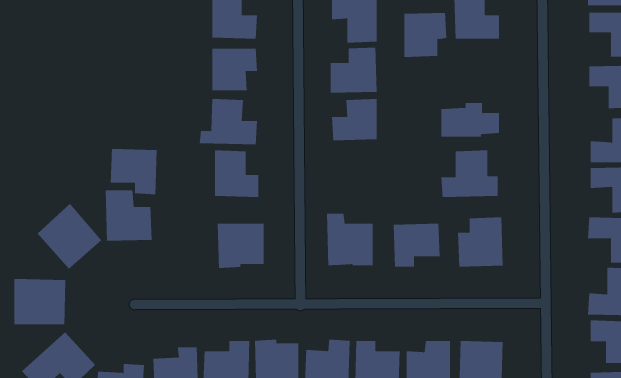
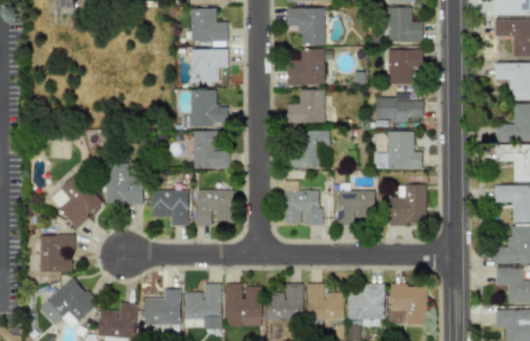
building: [403,12,447,57] -> [388,49,423,85]
building: [110,148,157,195] -> [151,189,189,226]
building: none -> [292,131,330,168]

